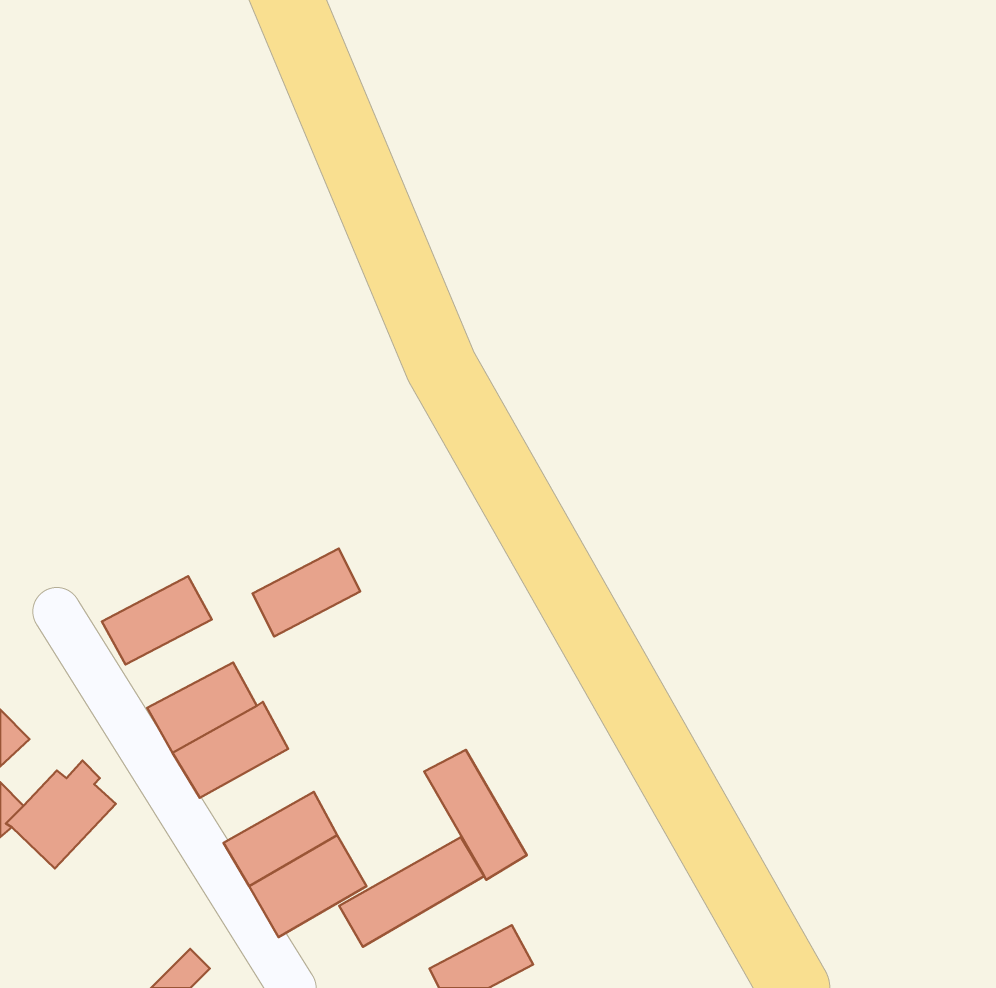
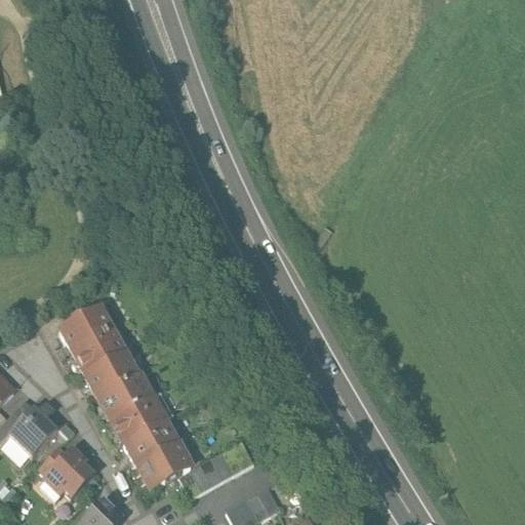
building: [252,548,360,637] -> [69,324,125,370]
building: none -> [108,392,167,441]
building: [424,750,527,880] -> none
building: none -> [39,443,95,498]

